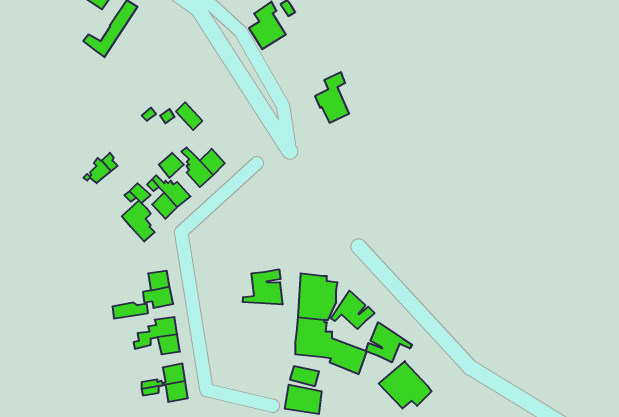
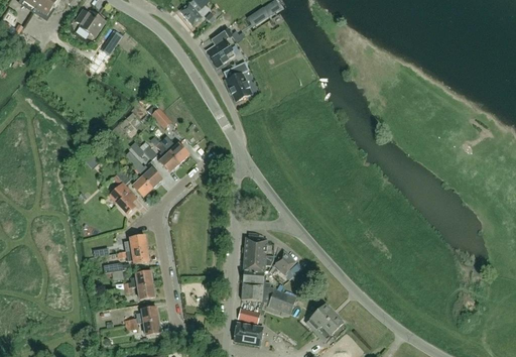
building: [315,72,349,123] -> [225,62,251,100]
building: [243,269,282,305] -> none
building: [366,322,412,362] -> none

